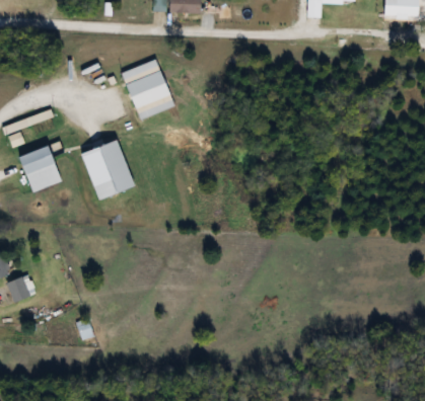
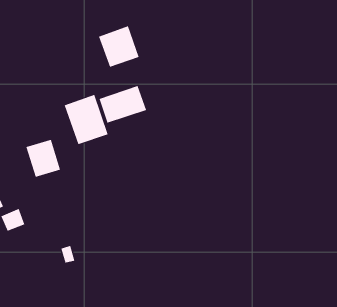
building: none -> [99,85,147,124]
building: [19,146,61,191] -> [26,139,61,178]

